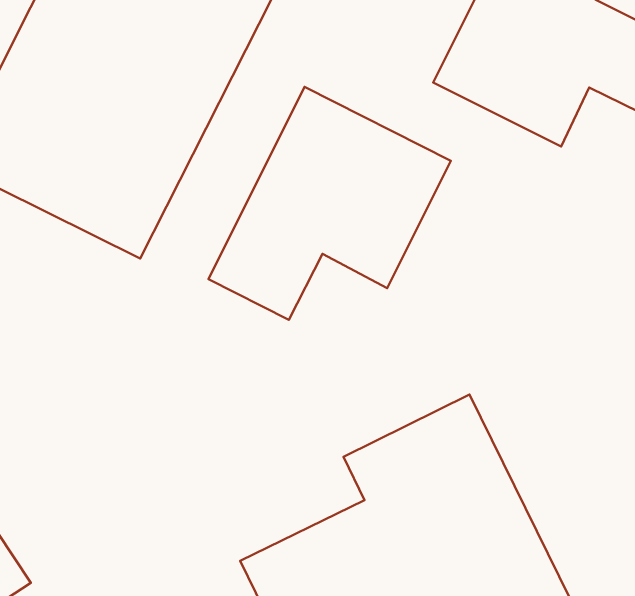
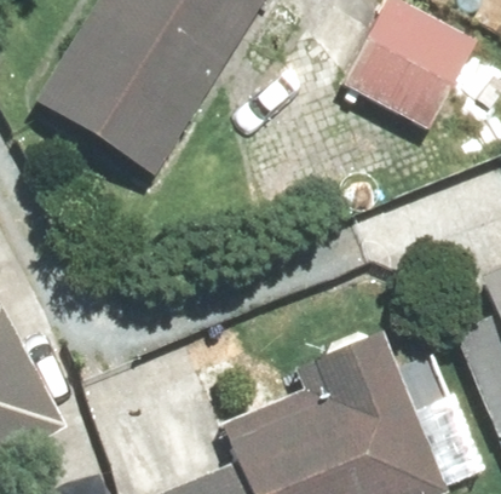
building: [208,87,451,320] -> none

